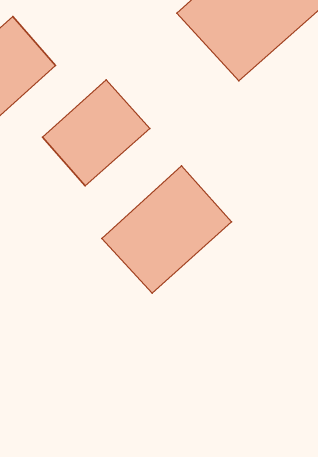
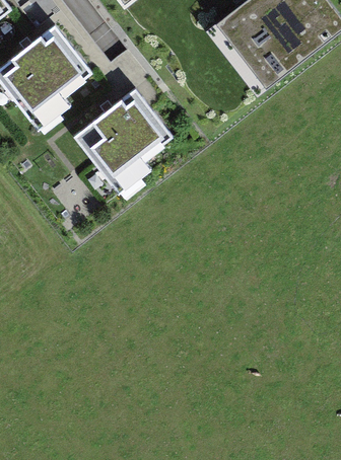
building: [102,166,232,293] -> none

